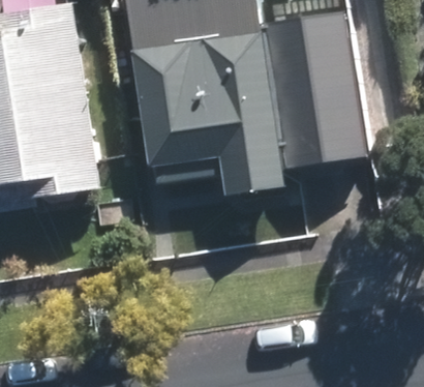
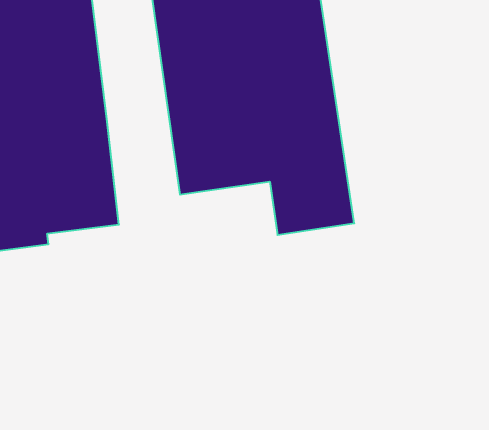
building: [279,46,369,162] -> none

